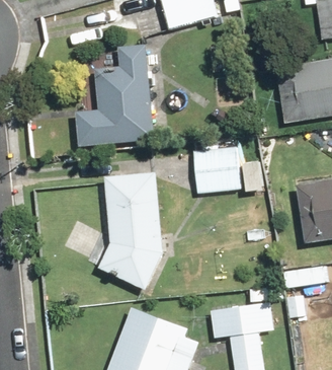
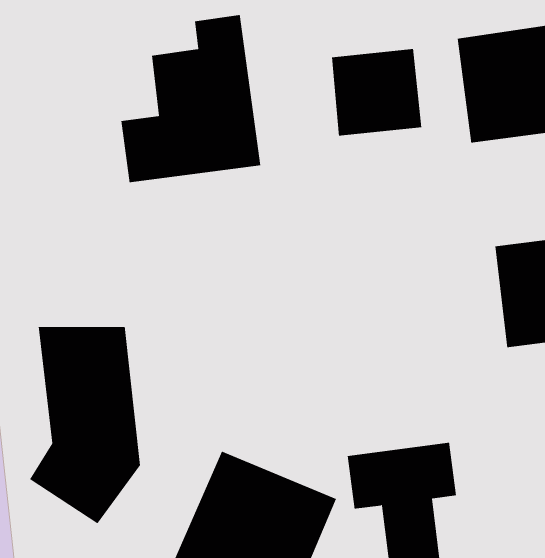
building: [189,142,243,194] -> [331,48,422,136]
building: [99,174,165,291] -> [29,326,141,524]

